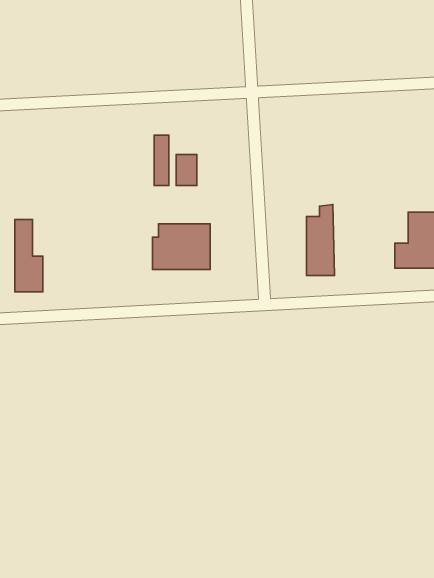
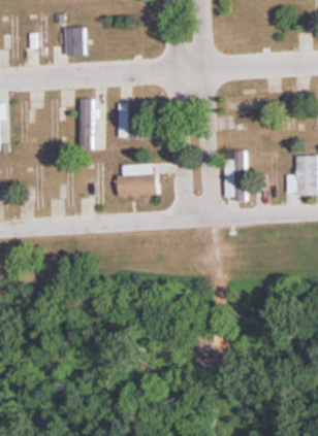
building: none -> [66,27,84,56]
building: [15,219,43,292] -> [81,99,100,149]

